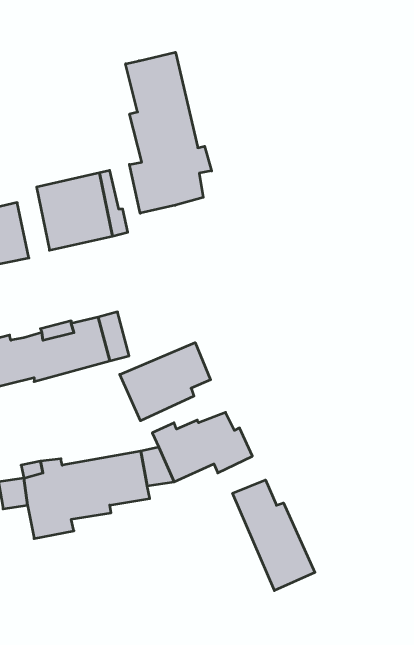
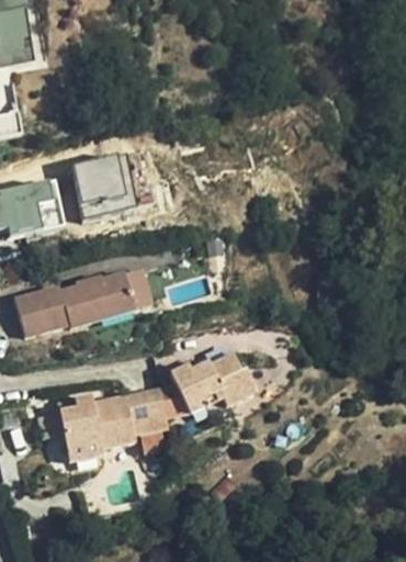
building: [126,52,212,213] -> none
building: [120,343,211,421] -> none
building: [233,480,315,591] -> none

